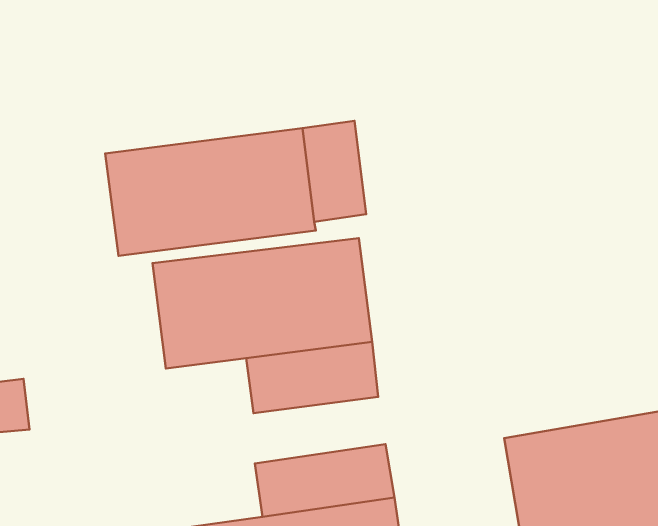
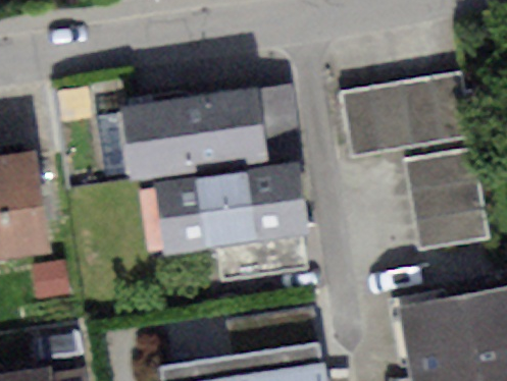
building: none -> [338,72,470,154]
building: none -> [405,152,490,251]

